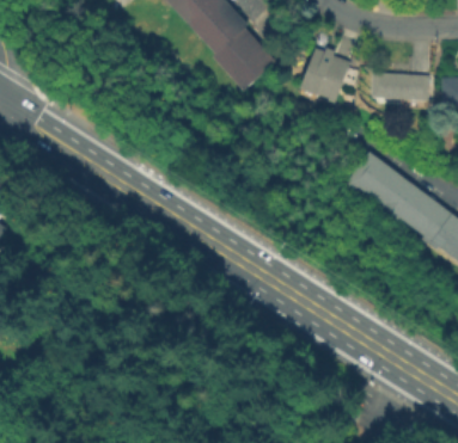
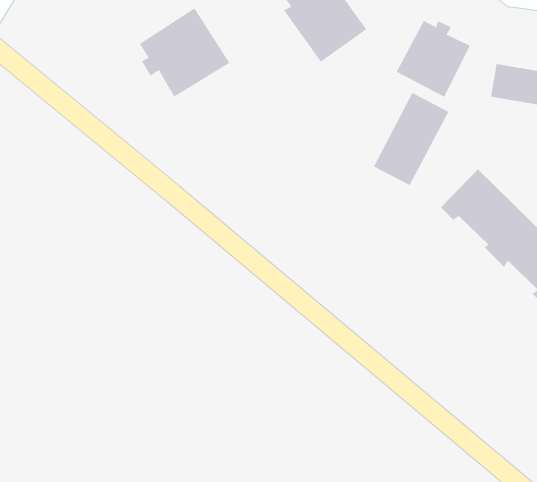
building: none -> [139,8,230,97]
building: none -> [373,92,449,186]

